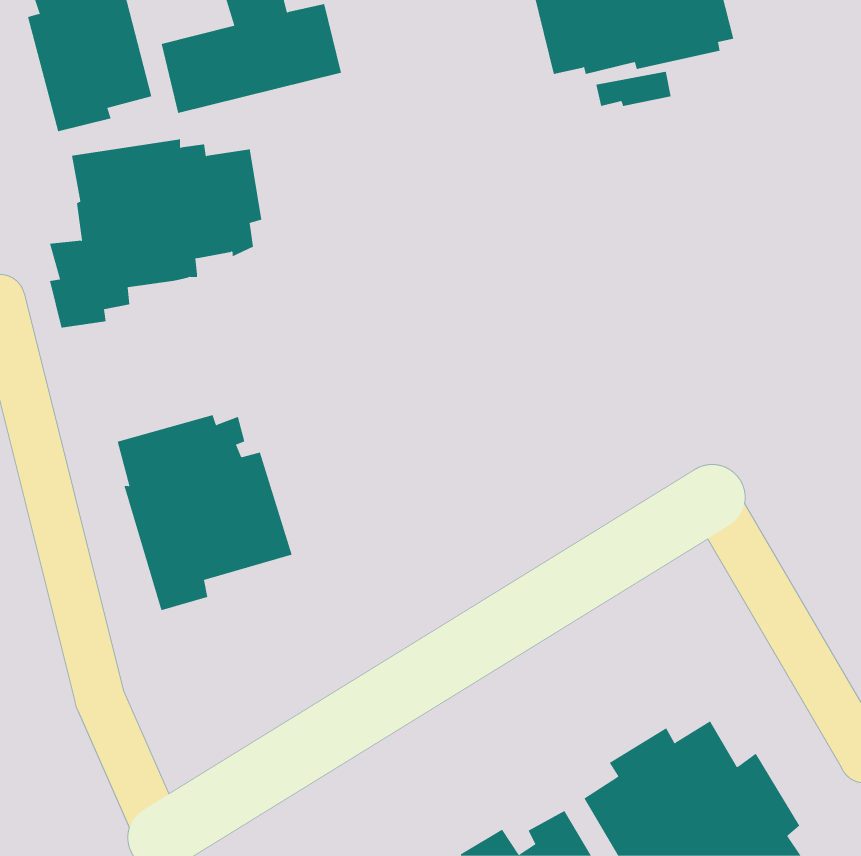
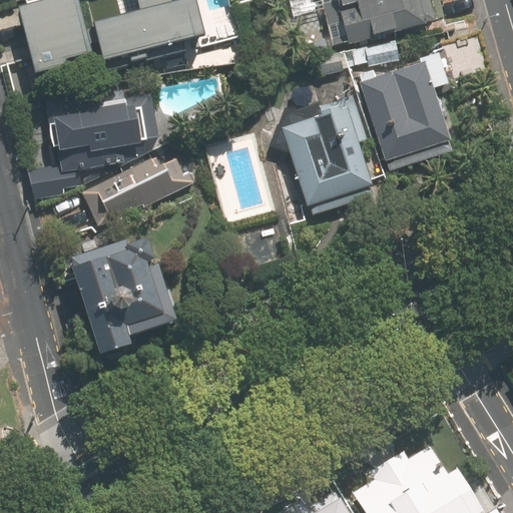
building: none -> [359,56,453,170]
building: none -> [273,102,374,217]
building: none -> [81,152,197,227]

